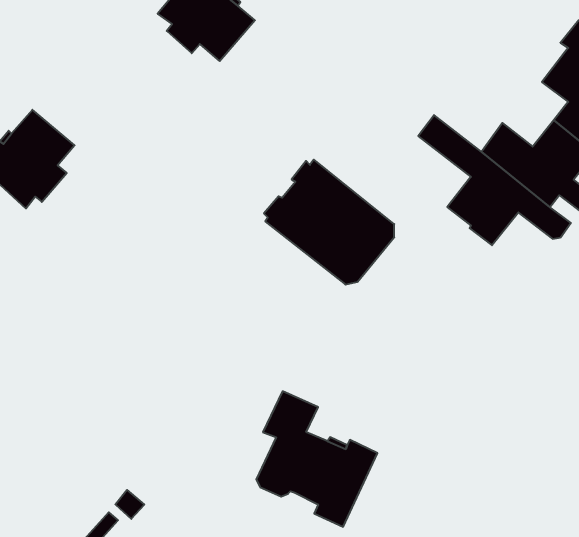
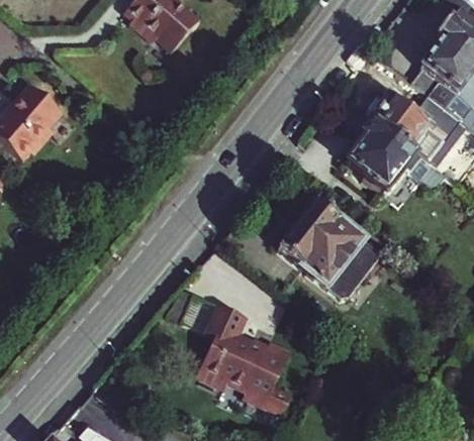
building: [264,160,394,285] -> [276,200,376,296]

